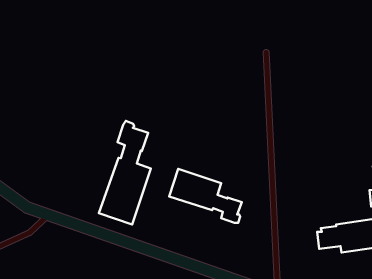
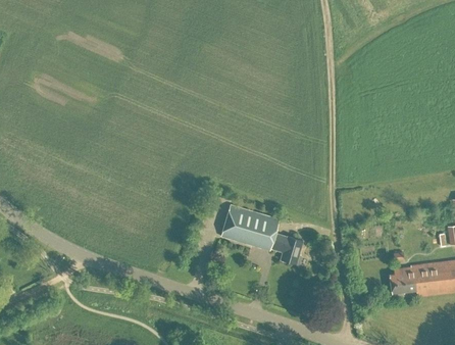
building: [99,121,151,225] -> none

